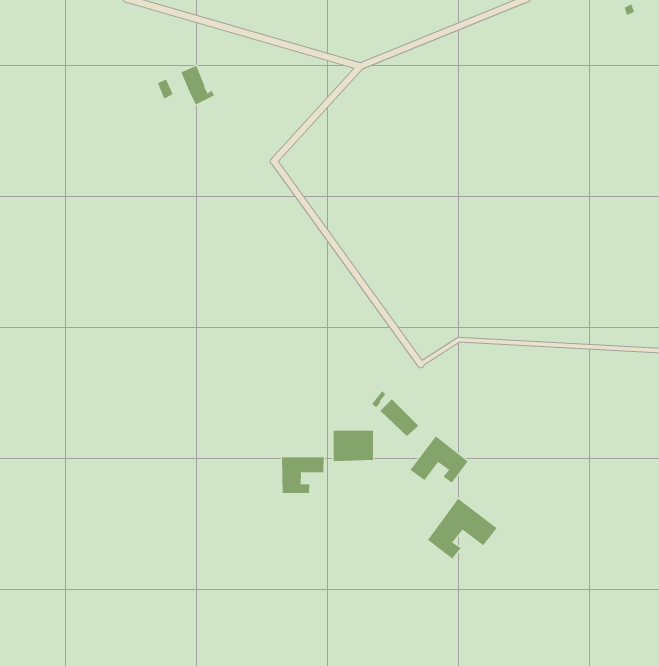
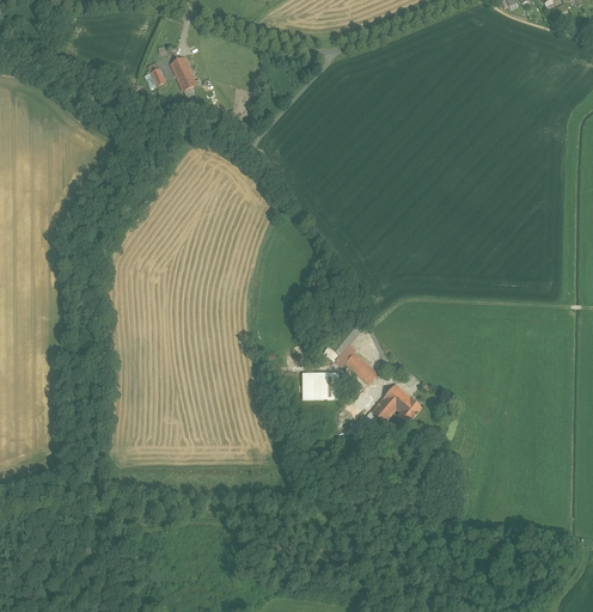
building: [281,457,324,494] -> none
building: [427,498,498,559] -> none

